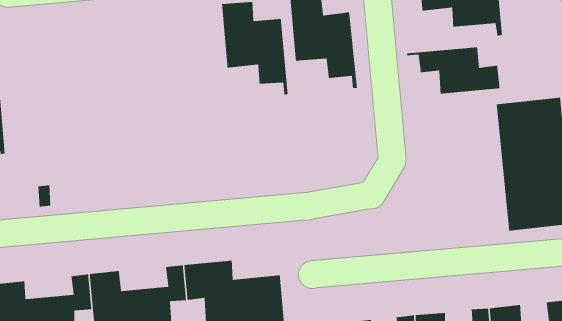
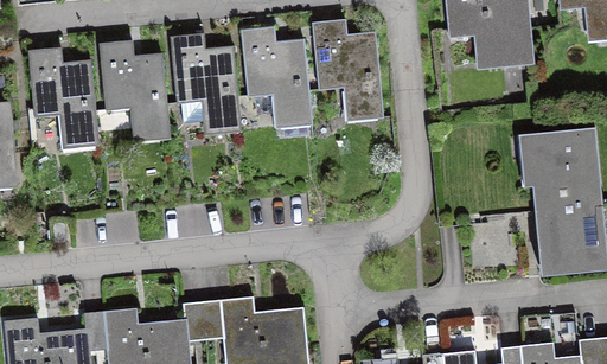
building: none -> [170,33,239,132]
building: none -> [98,40,170,139]
building: none -> [27,47,97,149]
building: [406,46,501,94] -> none

